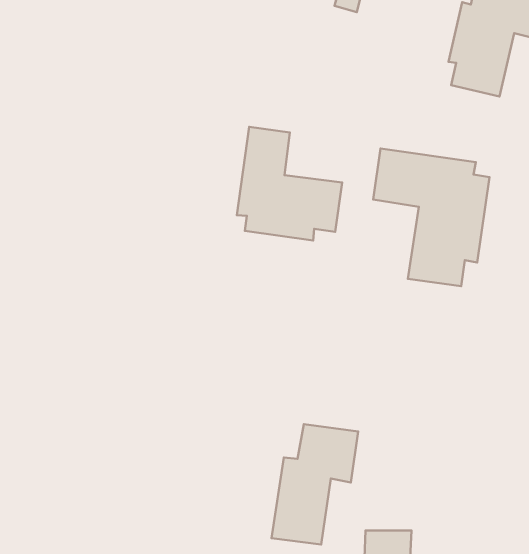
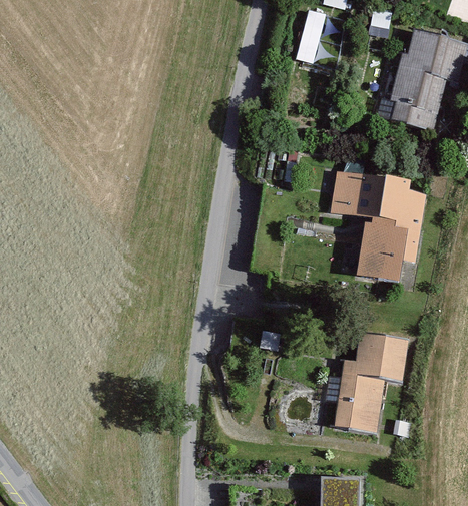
building: [237,127,342,240] -> none
building: [271,424,358,544] -> [335,333,405,430]

